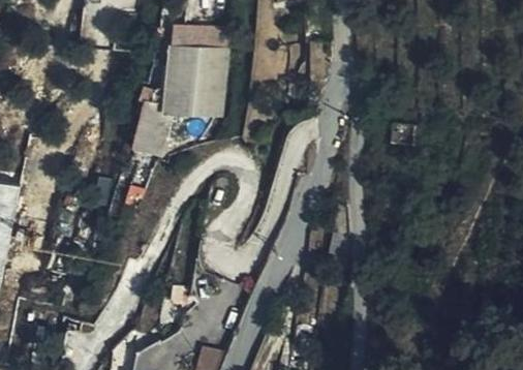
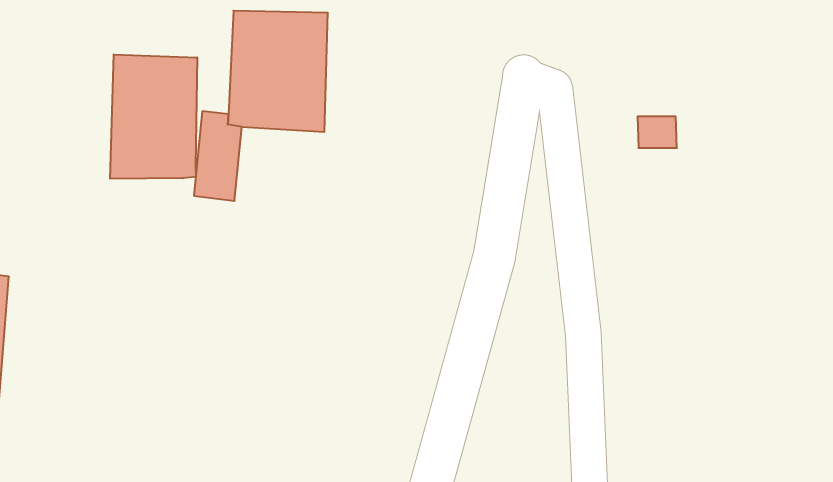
building: none -> [110,54,197,179]

